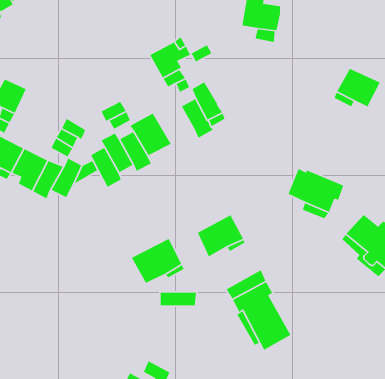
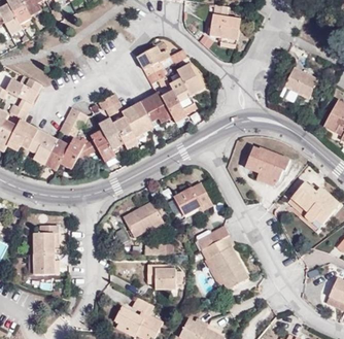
building: none -> [176,63,202,95]
building: none -> [139,92,171,122]
building: none -> [32,224,59,274]
building: none -> [146,264,175,289]

